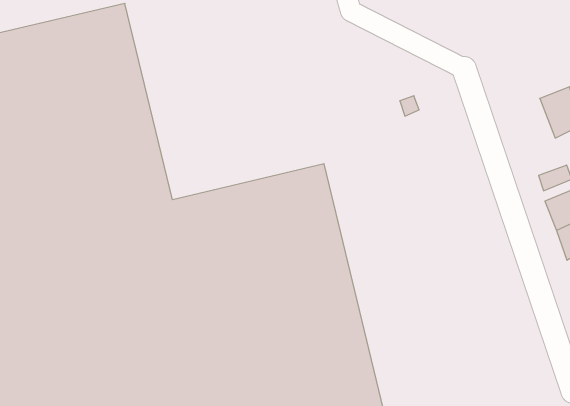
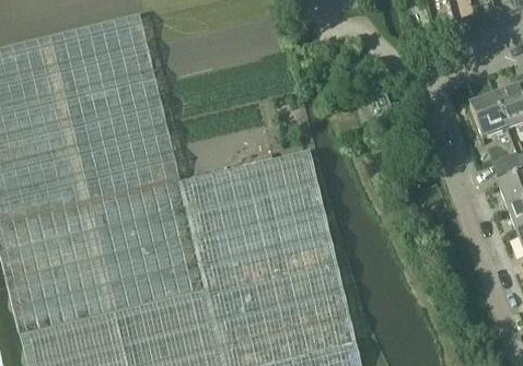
building: none -> [468,95,507,138]

